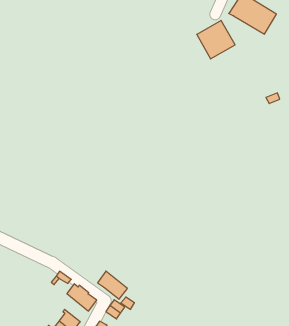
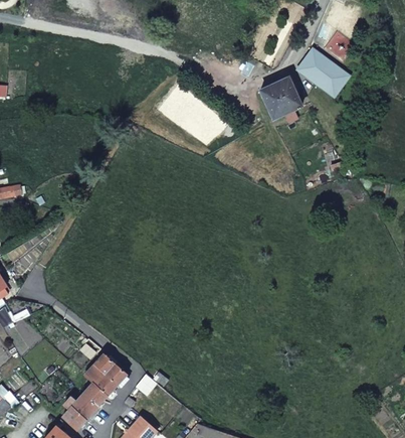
building: [98,271,127,299] -> [84,363,117,396]

